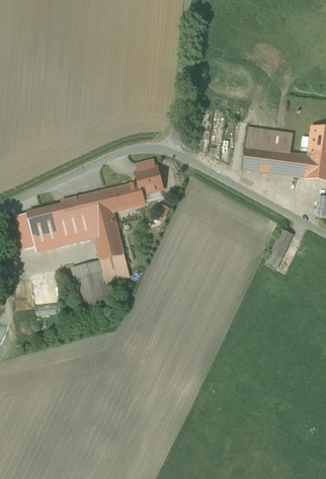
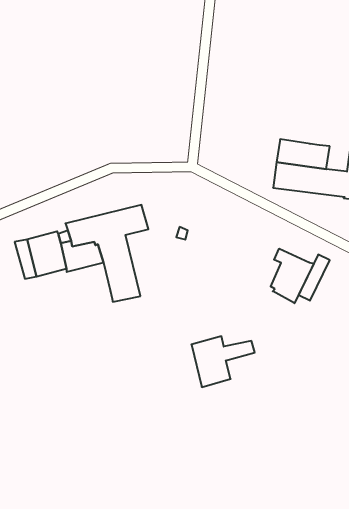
building: [128,166,162,206] -> none
building: none -> [271,249,314,303]
building: [74,260,130,305] -> [191,336,255,387]

